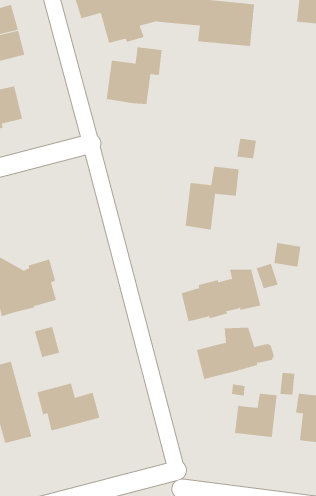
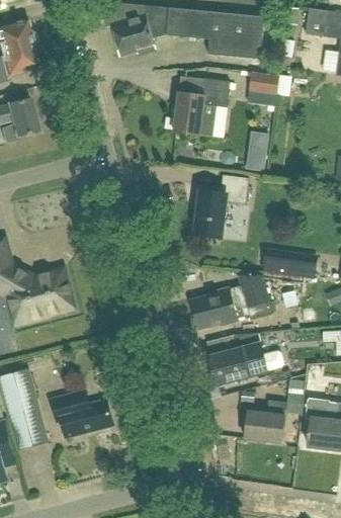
building: [106,47,163,104] -> [174,80,230,137]
building: none -> [249,70,279,93]
building: [34,326,60,358] -> none

